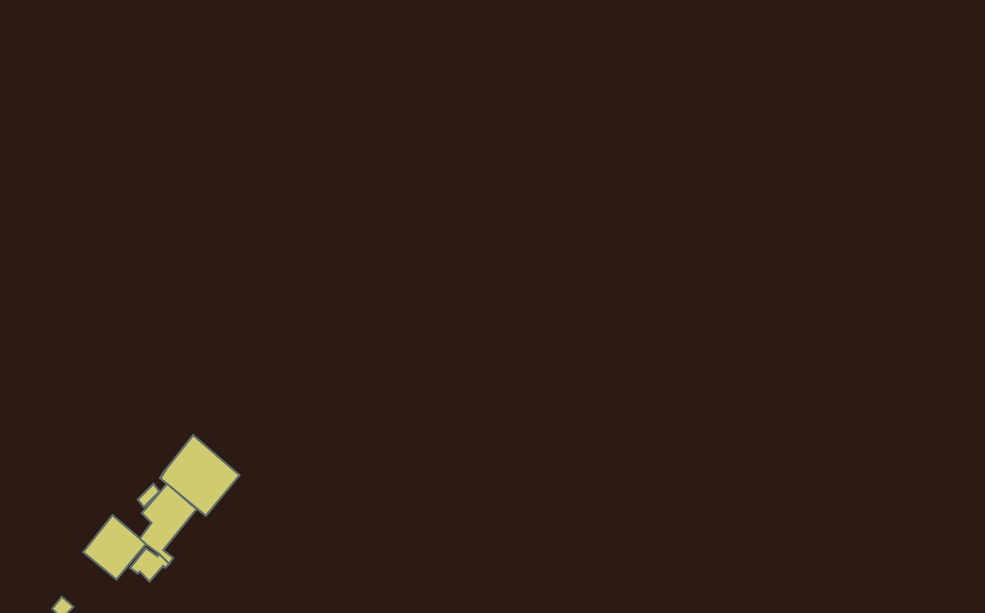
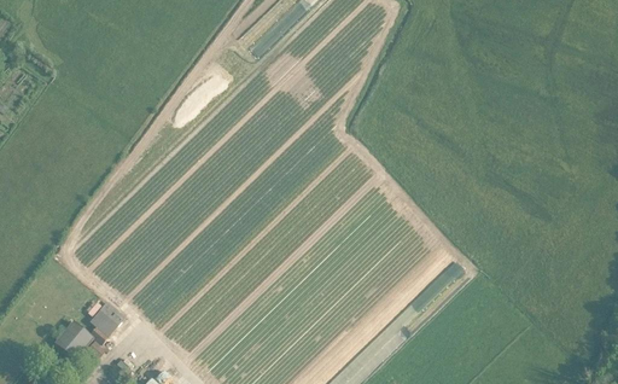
building: [160,435,240,516] -> none

